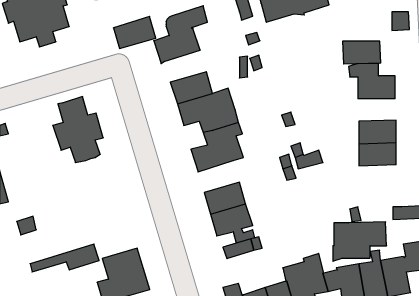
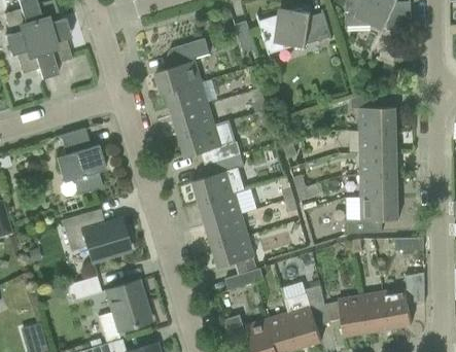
building: [113,16,156,48] -> [166,82,208,114]
building: [343,41,381,64] -> [359,131,397,153]
building: none -> [200,192,241,224]
building: none -> [61,212,130,262]
building: [333,222,387,261] -> [345,197,398,236]

